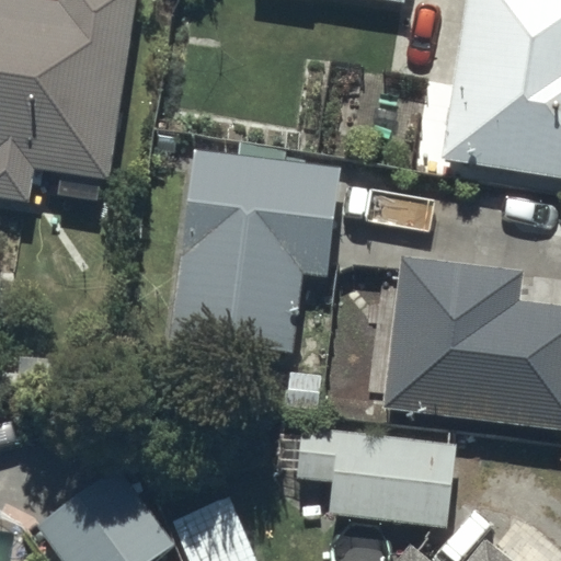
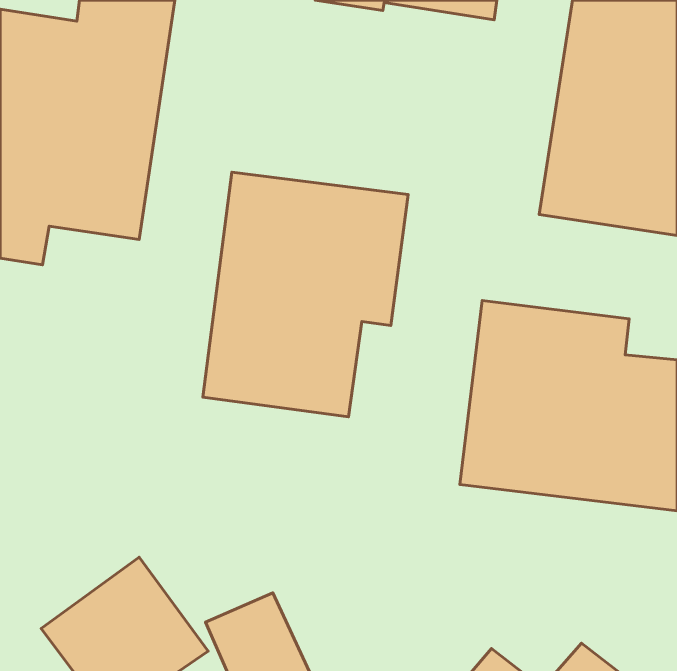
building: [295,426,453,526] -> none

